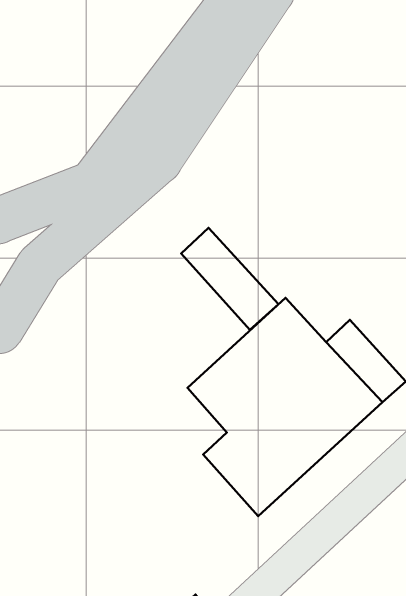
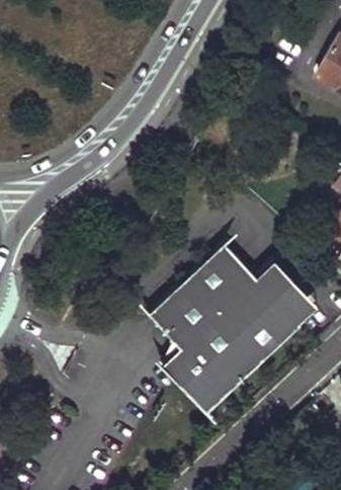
building: [181,228,279,330] -> none

